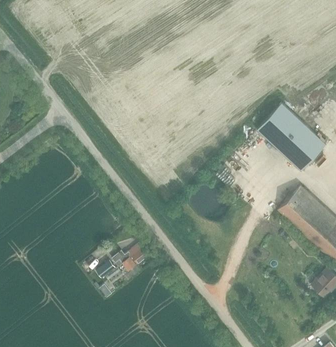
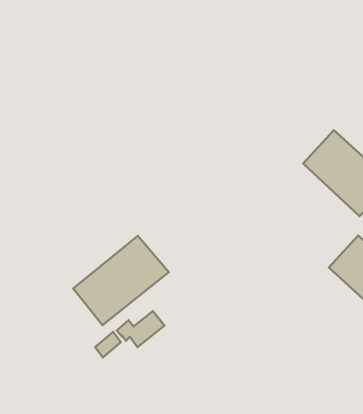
building: none -> [73,236,169,325]

